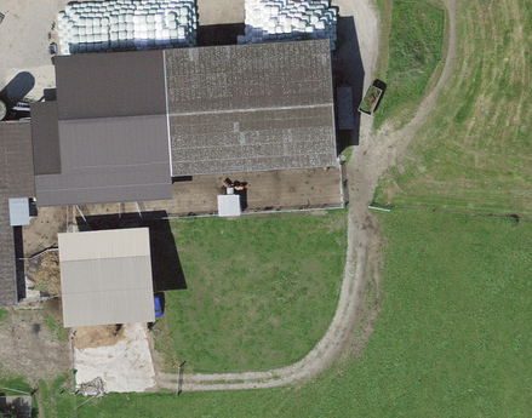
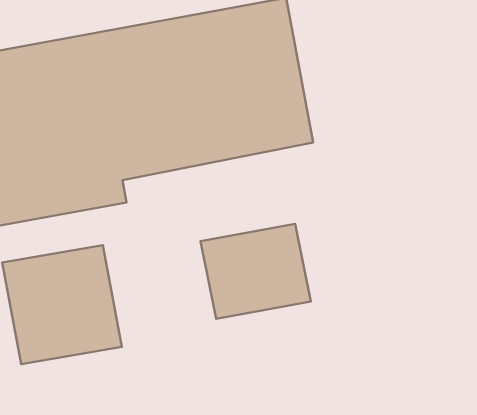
building: none -> [201,224,311,319]

